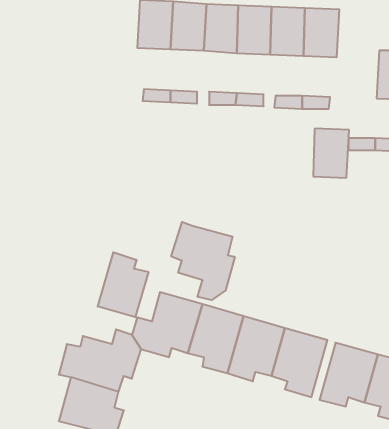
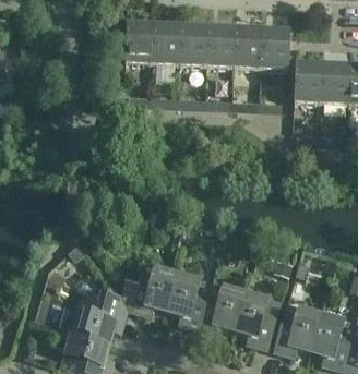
building: [313,129,349,178] -> [294,61,323,101]
building: [171,222,235,300] -> none
building: [98,252,148,317] -> none

